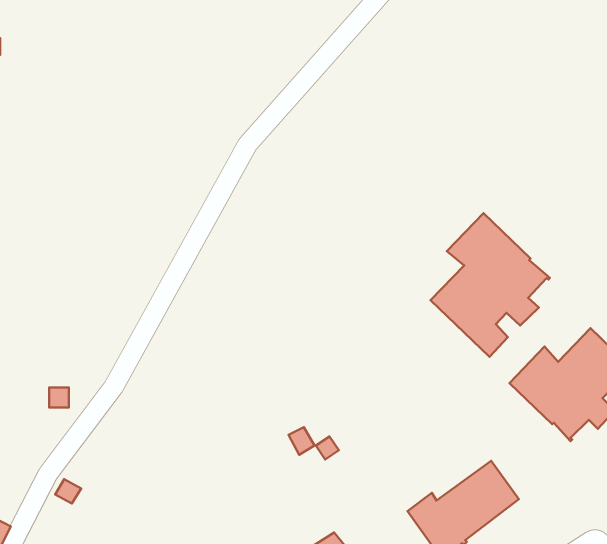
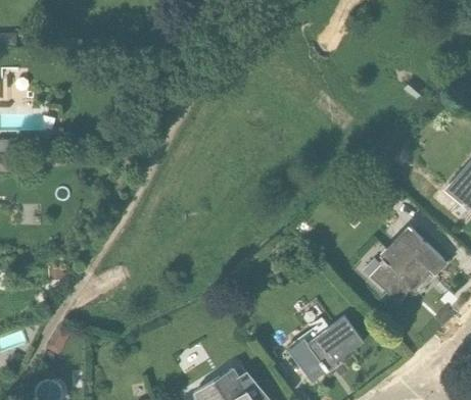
building: [430,213,550,357] -> none

